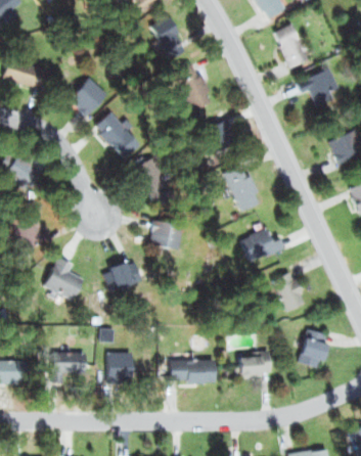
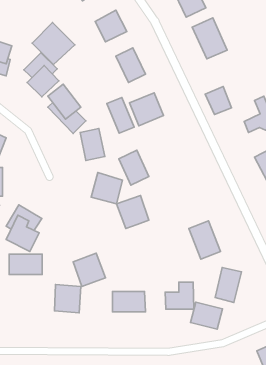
building: none -> [32,23,75,64]
building: [312,69,344,102] -> [205,87,232,115]
building: none -> [107,98,134,133]
building: [226,169,262,211] -> [119,150,149,185]
building: [238,224,277,264] -> [117,195,149,229]
building: [103,256,142,295] -> [73,253,106,286]
building: [46,352,86,376] -> [9,254,42,275]
building: none -> [190,302,222,329]

